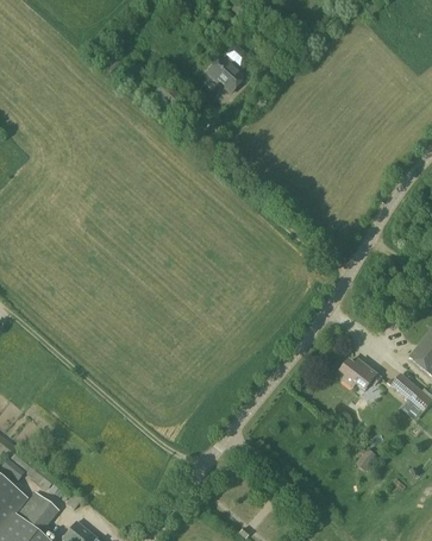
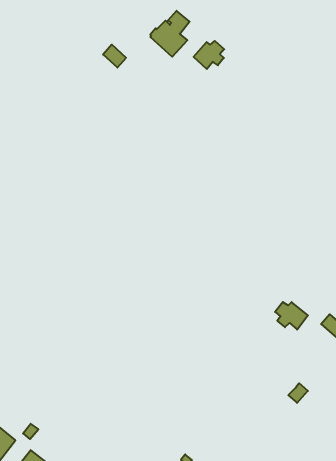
building: none -> [194,41,224,69]

